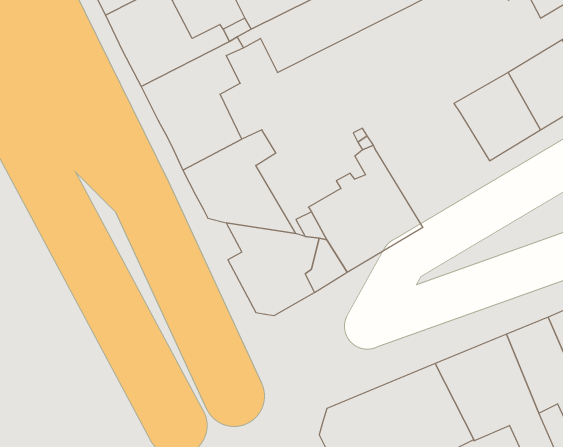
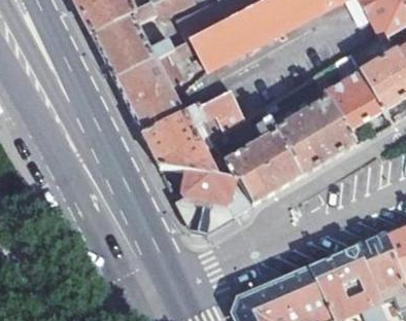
building: none -> [196,91,243,137]
building: none -> [271,98,354,174]

